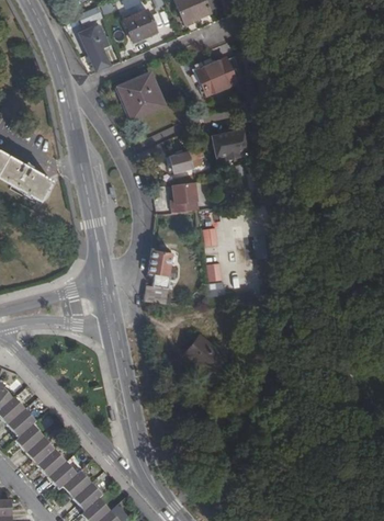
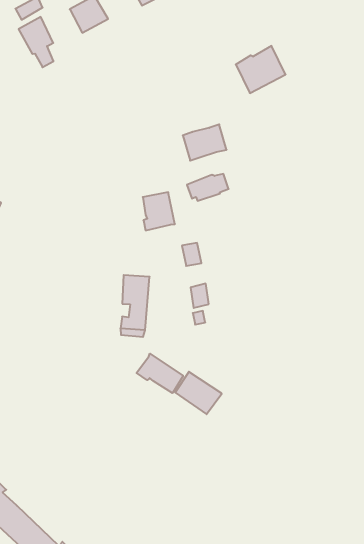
building: [195,56,237,94] -> [236,46,286,93]
building: [117,73,165,118] -> none
building: [166,150,201,171] -> [187,174,229,201]
building: none -> [137,354,183,393]

